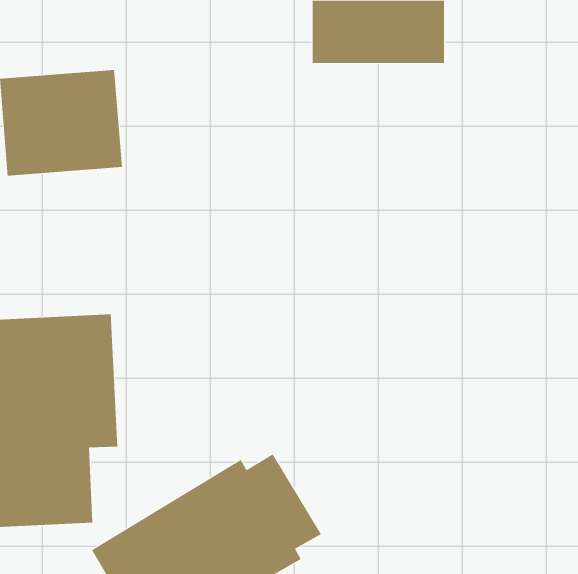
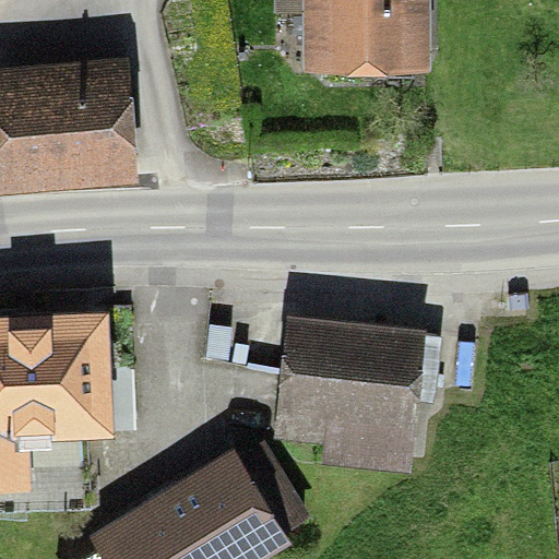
building: none -> [272,312,440,476]

